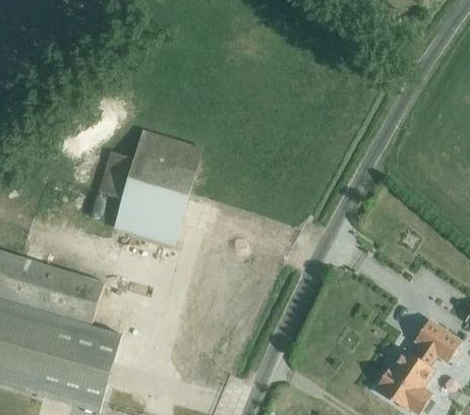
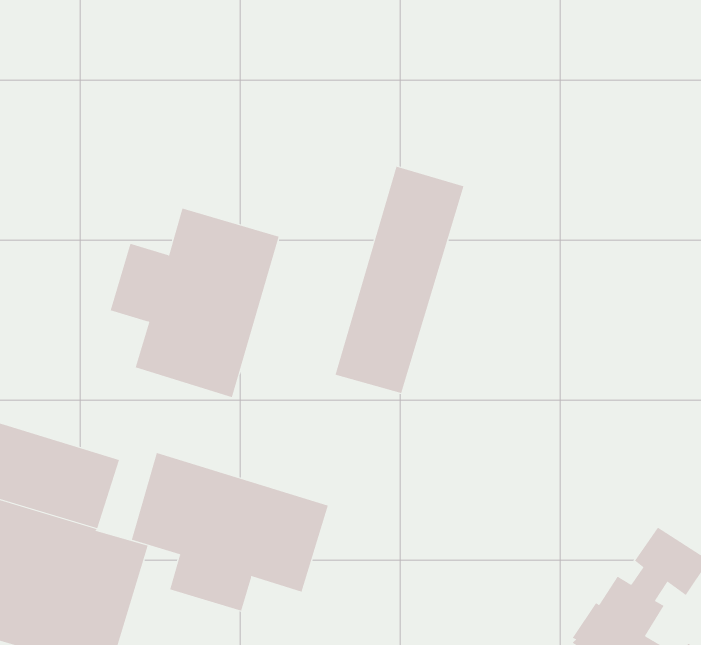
building: none -> [335,166,464,394]
building: none -> [131,452,329,612]

